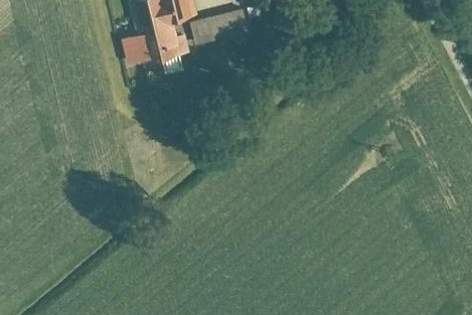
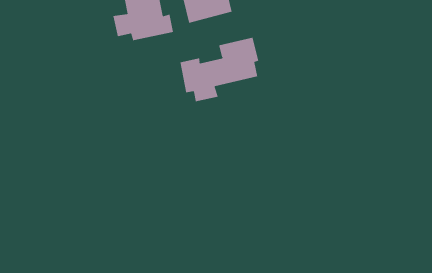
building: none -> [180,37,259,102]

